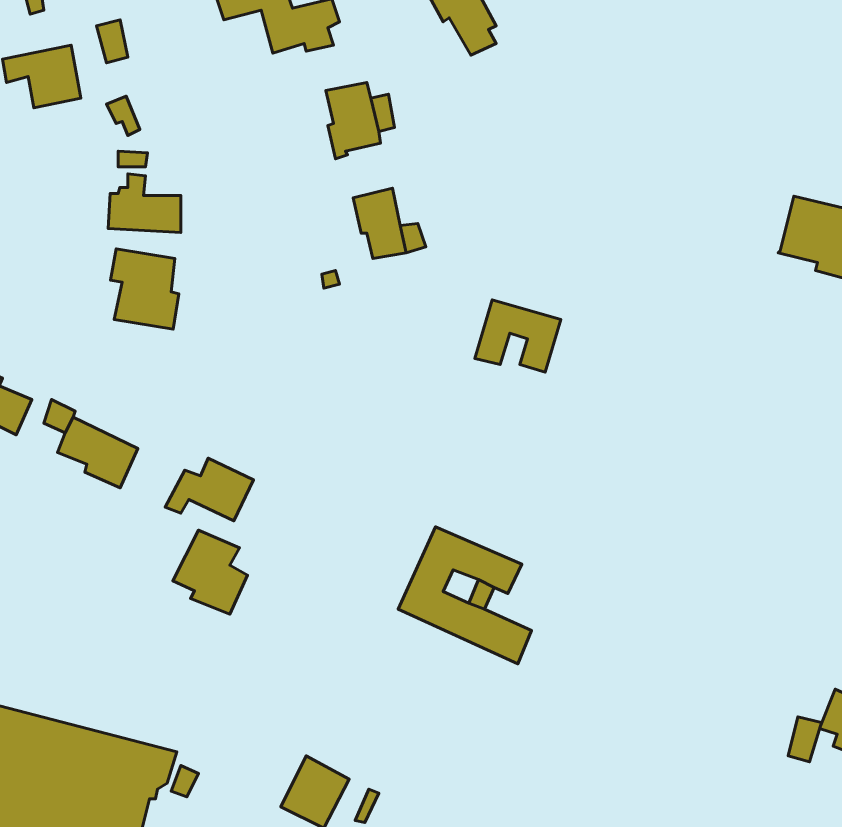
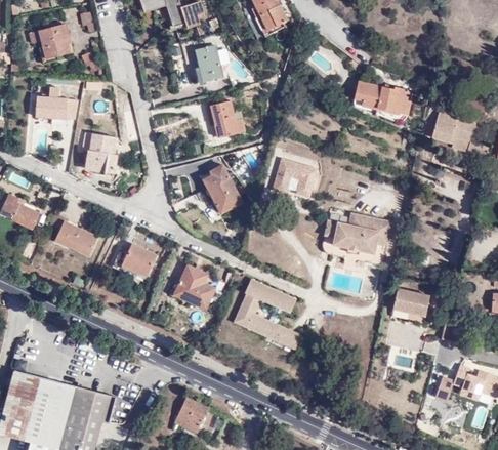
building: none -> [355,76,412,112]
building: [108,174,181,233] -> [34,87,72,118]
building: none -> [201,165,240,213]
building: none -> [322,209,391,258]
building: [173,530,247,614] -> [172,265,211,310]
building: none -> [392,287,432,317]

